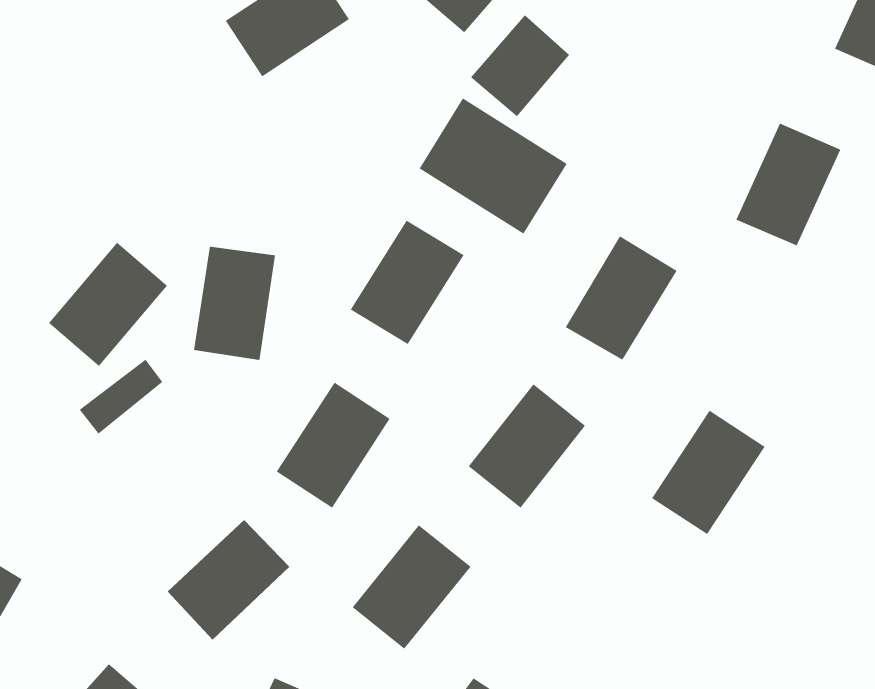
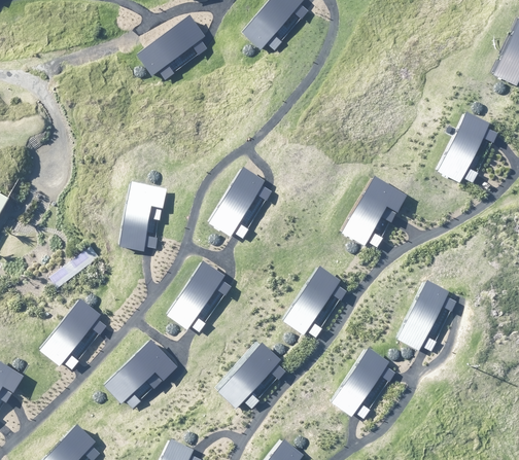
building: [470,15,570,117] -> none
building: [419,98,568,234] -> none
building: [48,242,168,367] -> [38,298,108,371]
building: none -> [328,345,395,418]

